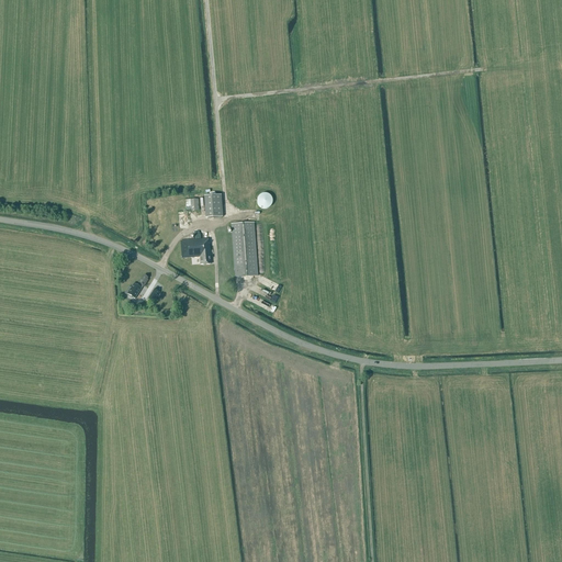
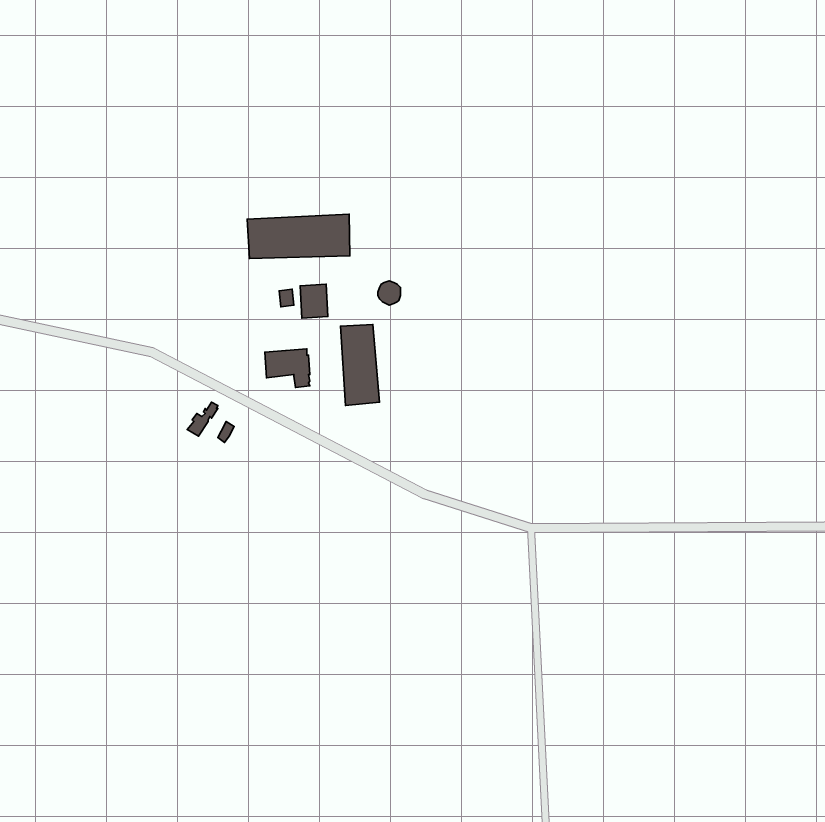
building: none -> [247,214,350,259]

